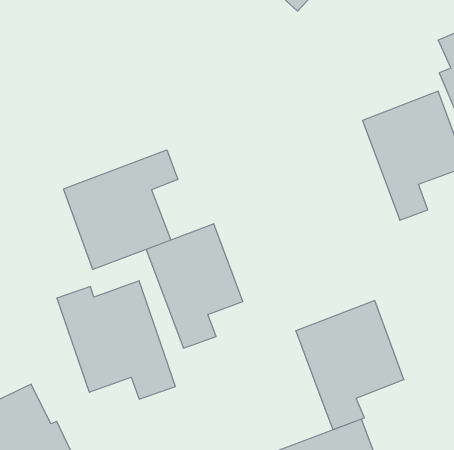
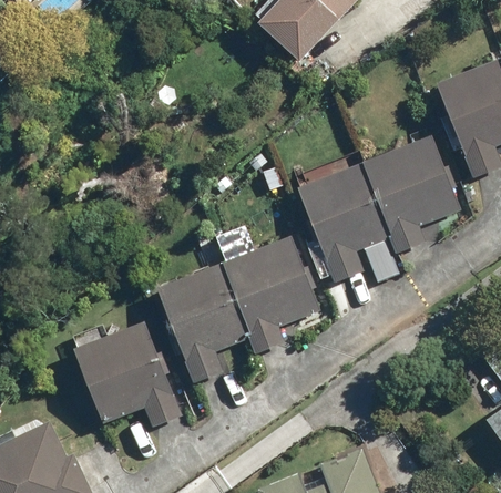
building: none -> [300,163,402,286]
building: [63,150,178,270] -> none
building: [296,301,404,430] -> [221,233,324,356]

